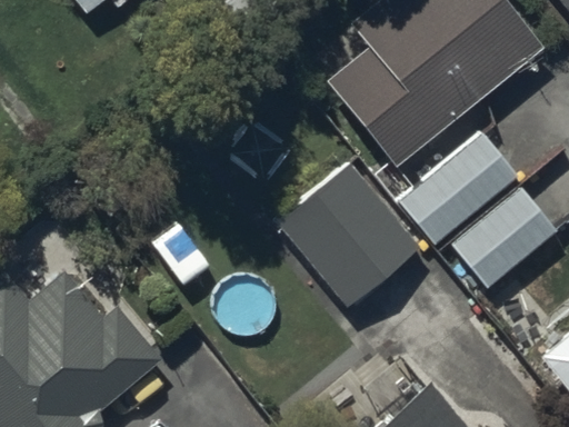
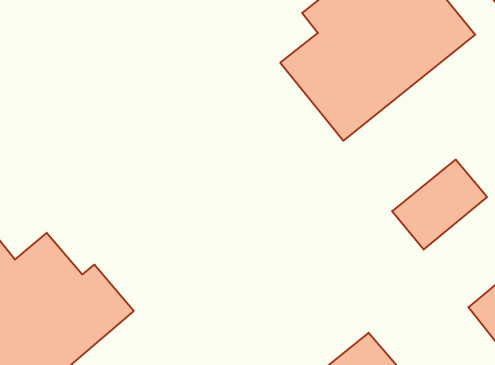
building: [398,130,519,247] -> none
building: [276,159,423,308] -> none

